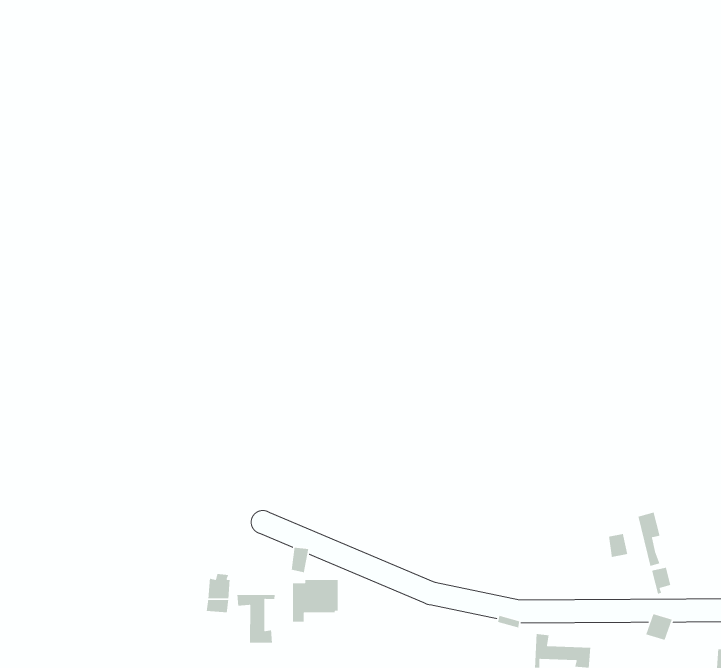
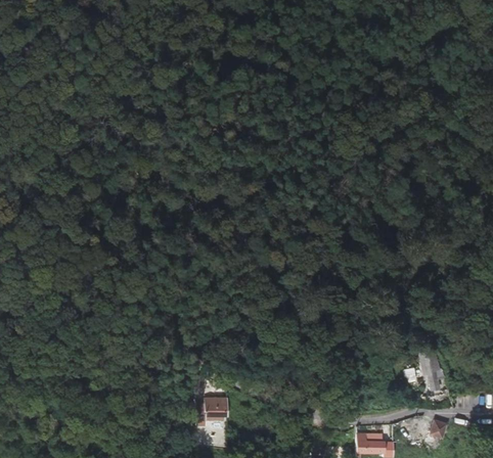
building: [237,594,276,644] -> none

